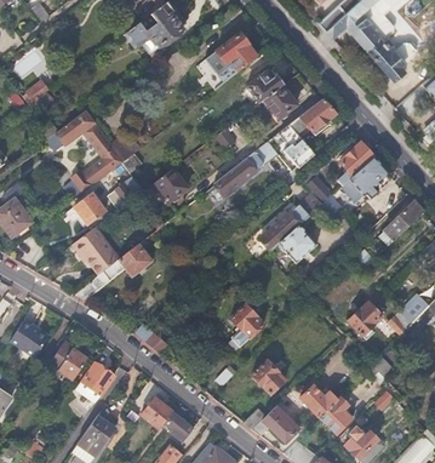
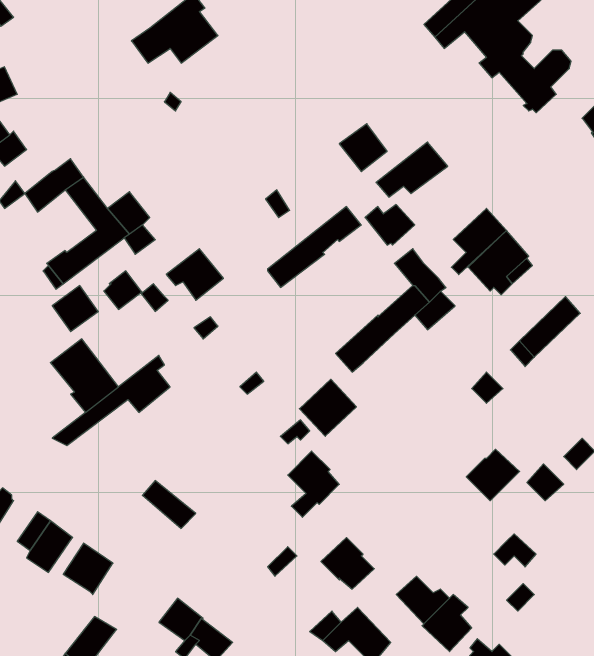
building: [206,32,258,74] -> none
building: [247,69,284,103] -> none
building: [280,224,317,262] -> [299,379,356,436]

